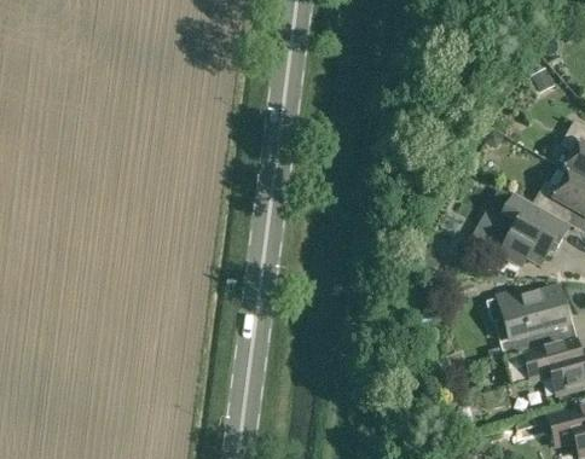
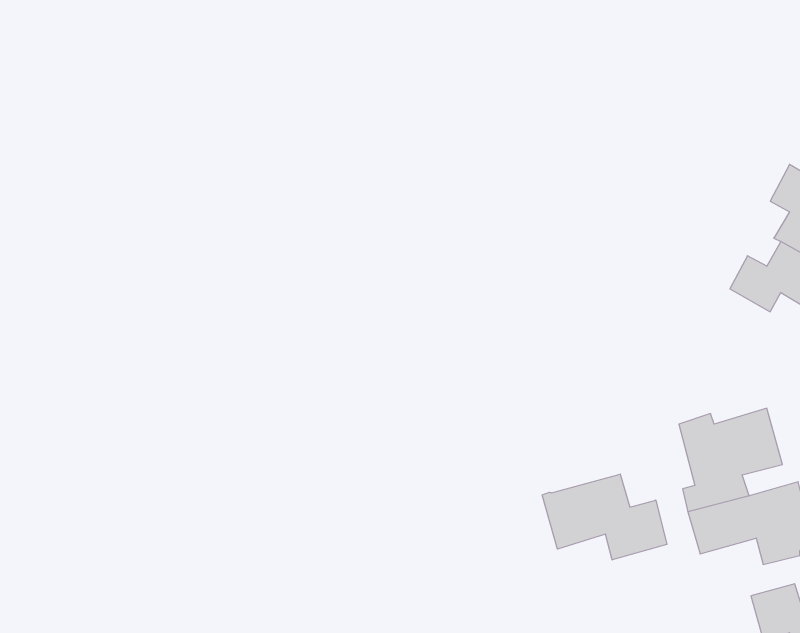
building: [477,194,569,266] -> none
building: none -> [542,474,667,560]

